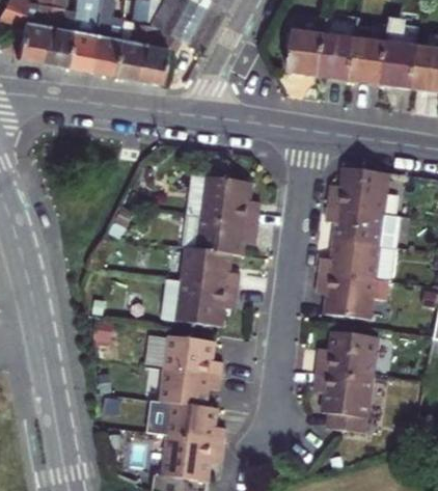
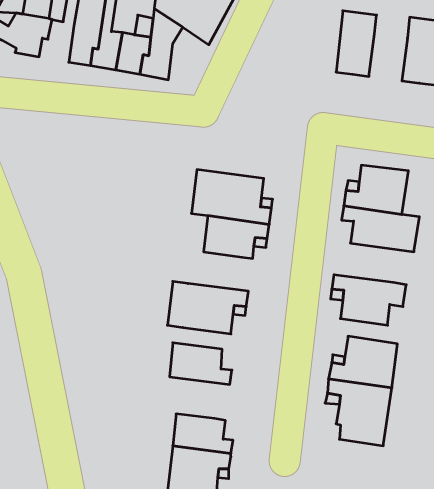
building: [286,15,327,78] -> none
building: [39,28,73,69] -> none
building: [352,42,388,86] -> none
building: [319,240,394,279] -> none
building: [181,247,240,285] -> none
building: [159,366,220,406] -> none

